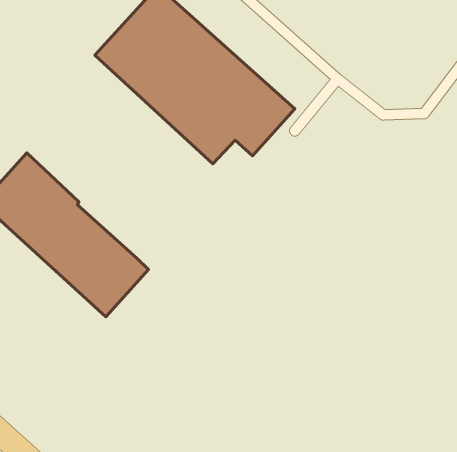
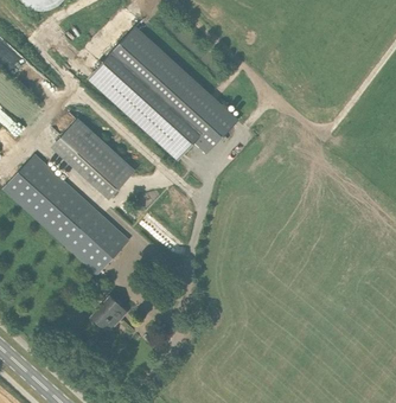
building: none -> [51,116,135,199]
building: none -> [90,295,127,331]

